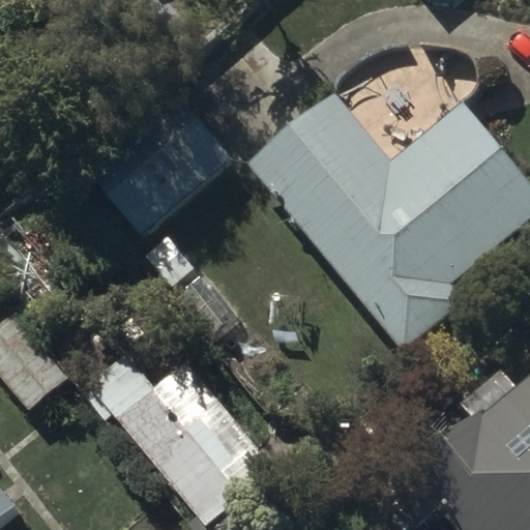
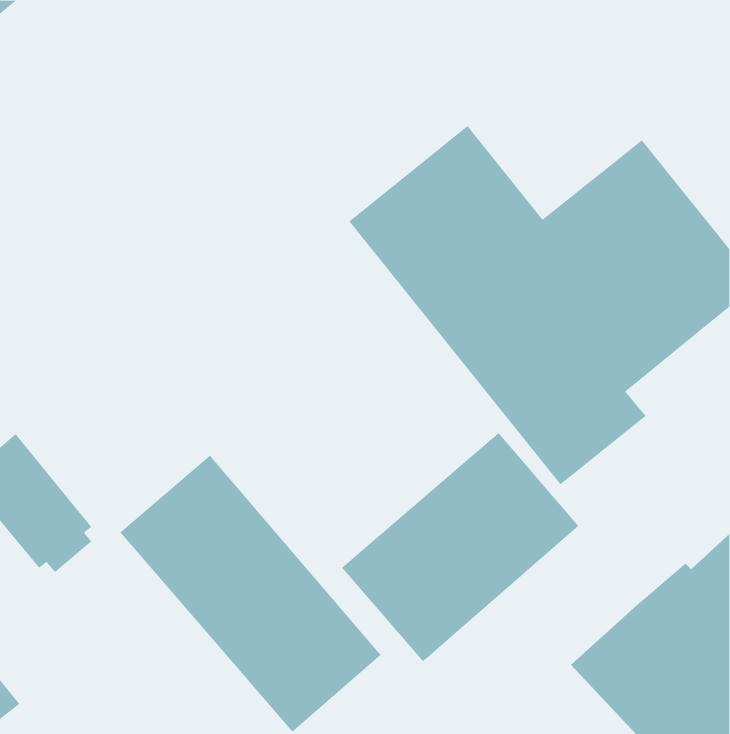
building: [90,97,228,231] -> none
building: none -> [341,432,579,662]

